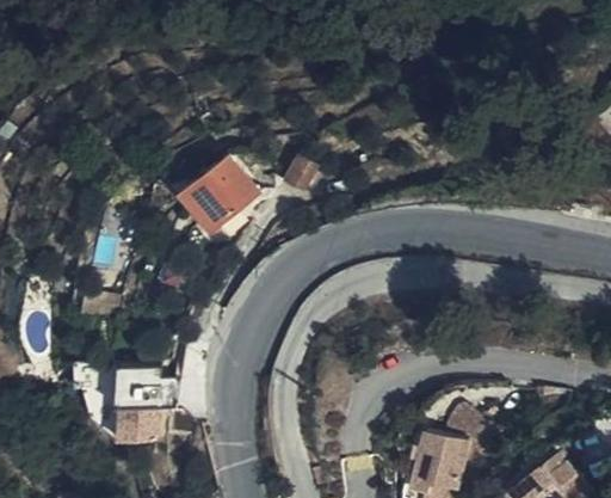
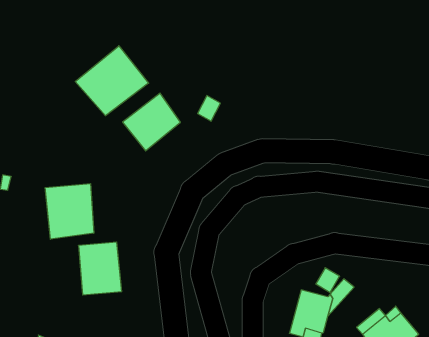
building: none -> [75,46,149,116]
building: none -> [45,184,94,239]

